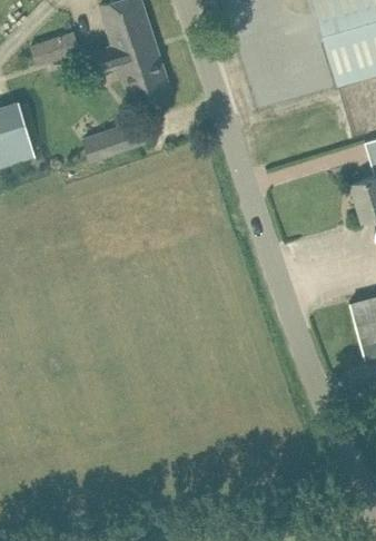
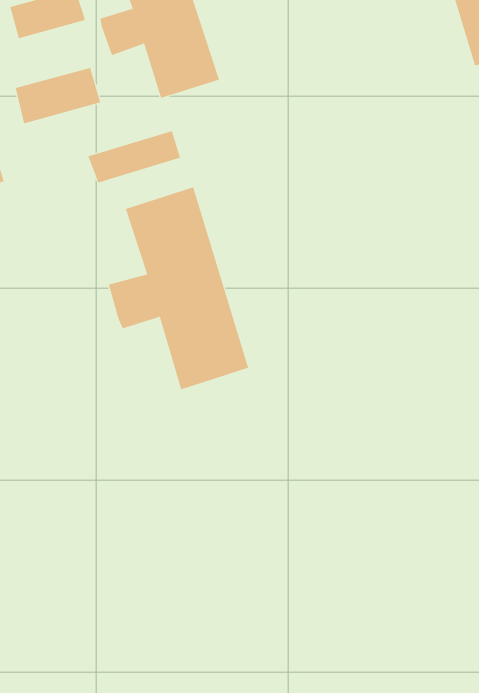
building: none -> [15,67,101,124]
building: none -> [108,187,249,390]

